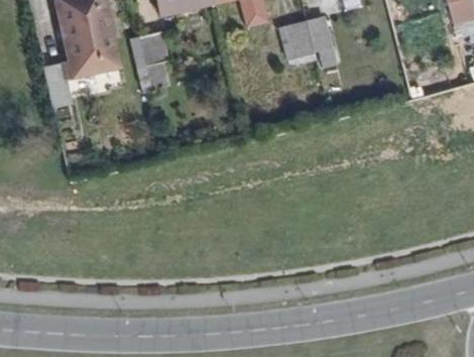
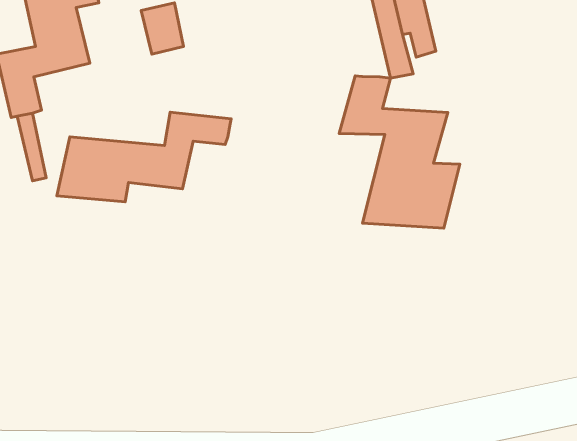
building: none -> [339,76,460,228]
building: none -> [57,112,231,202]

